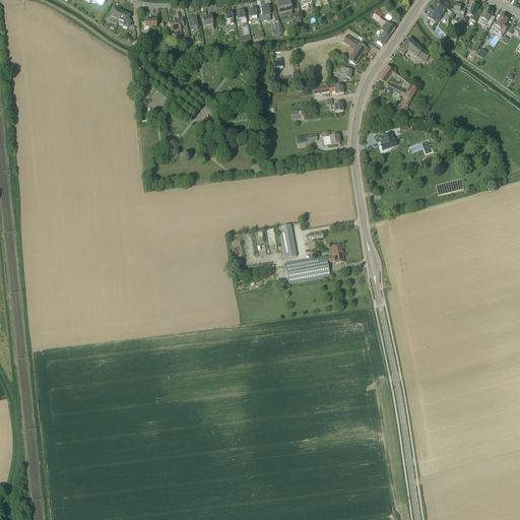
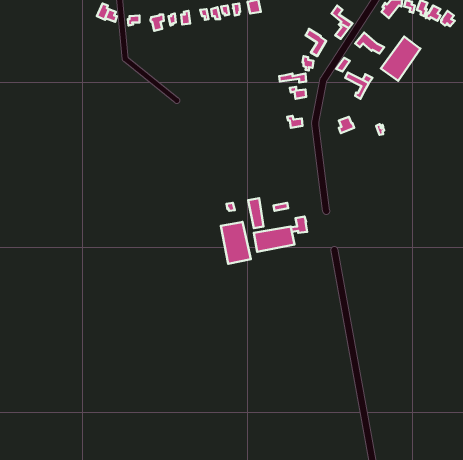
building: none -> [381,36,421,81]
building: none -> [221,222,251,264]

